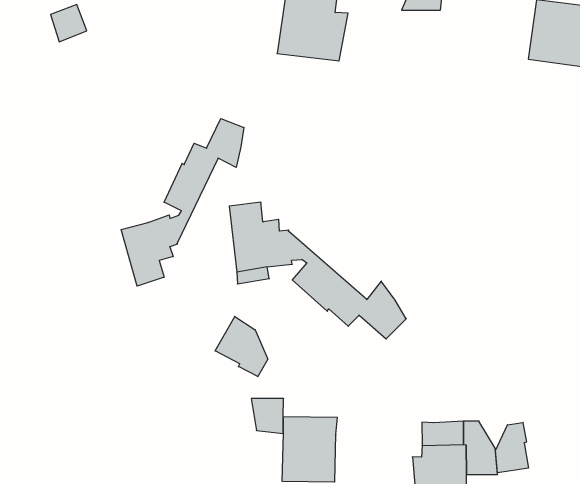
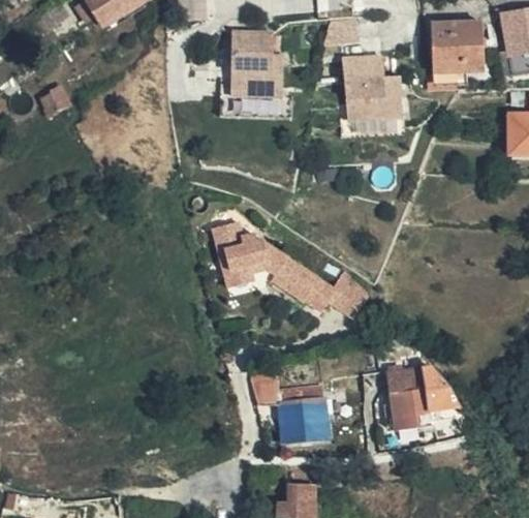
building: none -> [337,58,401,123]
building: [121,119,244,286] -> none
building: [215,316,268,377] -> none
building: [495,422,528,473] -> none

